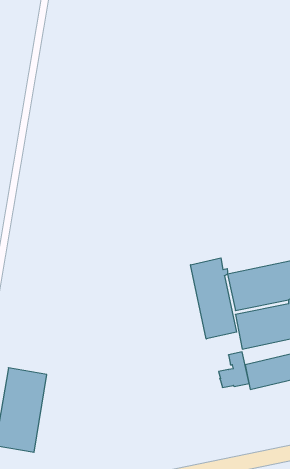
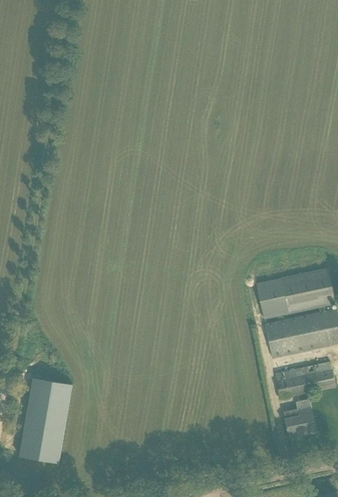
building: [191,258,237,339] -> none
building: [219,352,249,387] -> [284,399,315,435]

